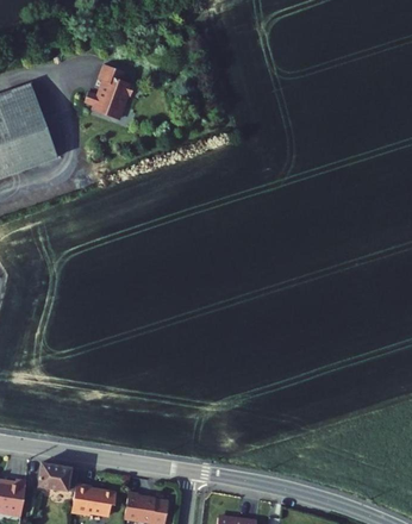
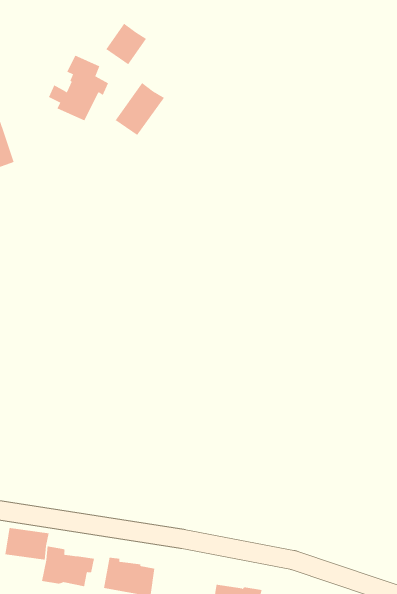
building: none -> [105,23,147,65]
building: none -> [115,82,165,136]

